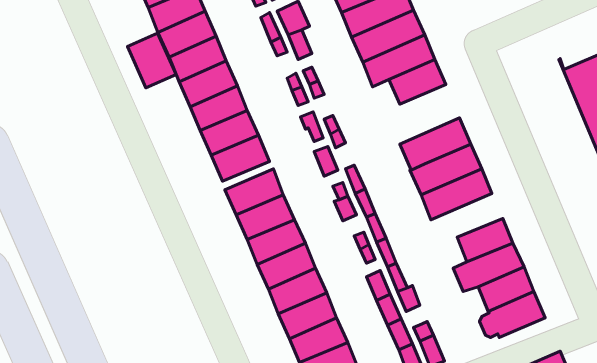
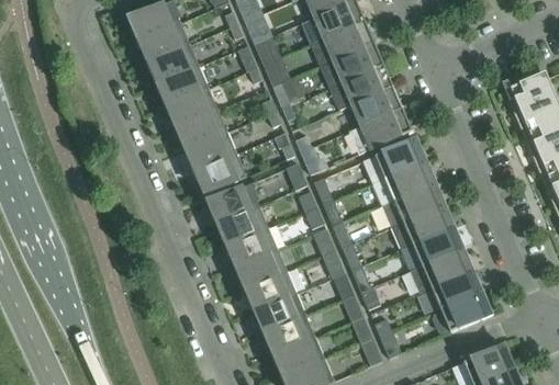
building: [127,33,176,88] -> none
building: none -> [349,109,413,154]
building: none -> [390,205,454,249]

